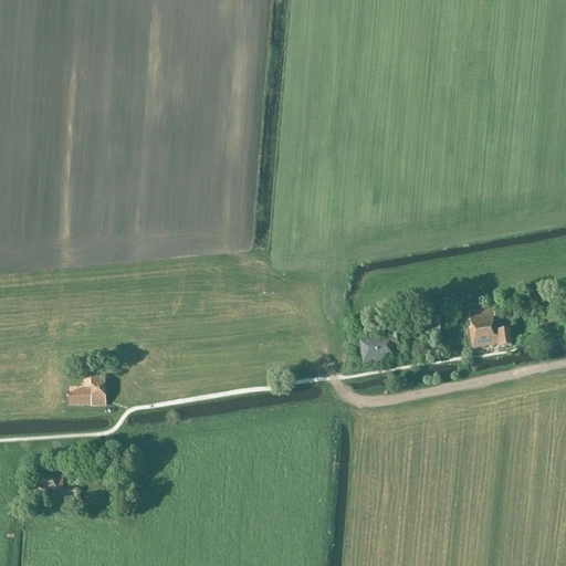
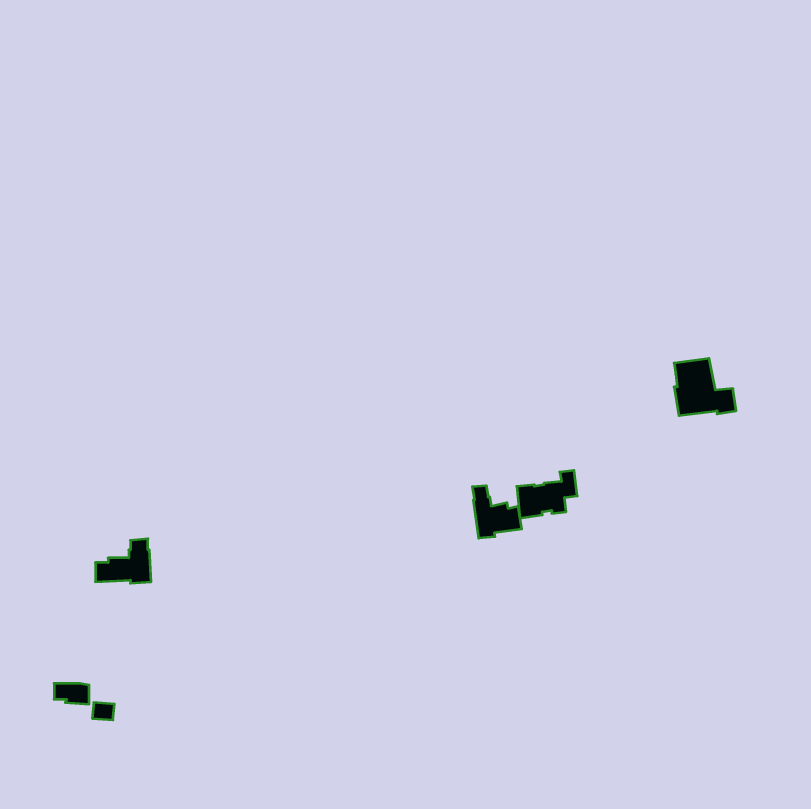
building: [468,307,511,347] -> [674,358,736,416]
building: none -> [472,486,522,538]

